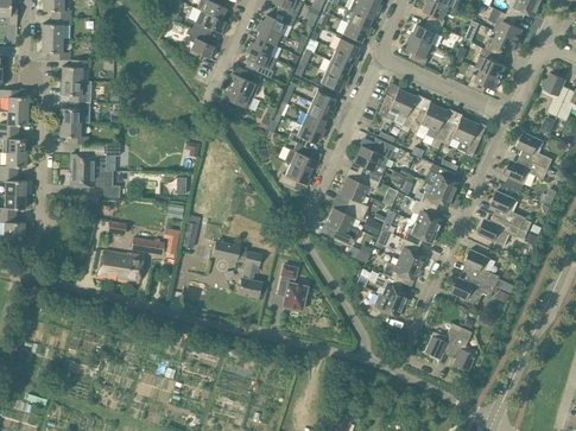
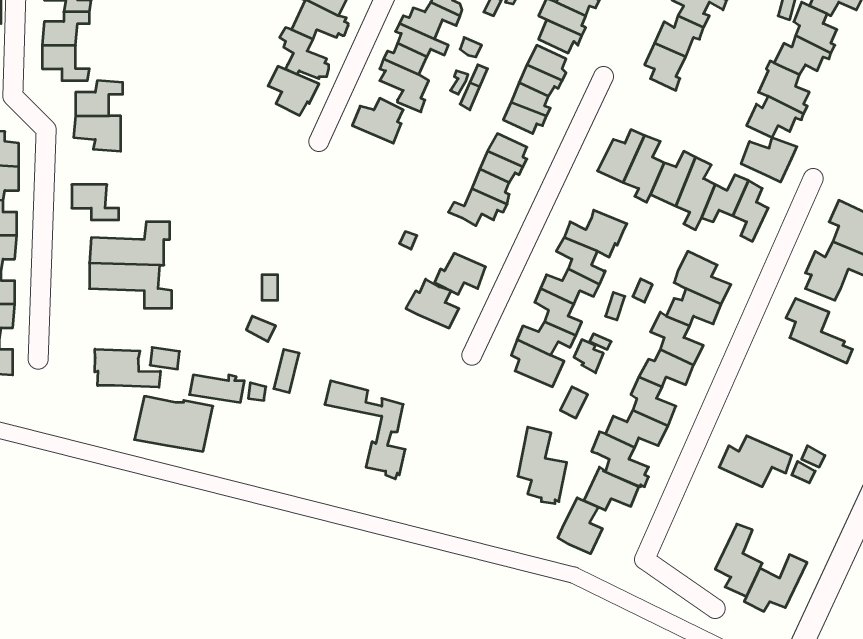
building: [223,87,254,116] -> [268,66,319,115]
building: none -> [741,137,797,182]
building: [59,101,89,122] -> none
building: [284,142,316,172] -> [406,279,459,328]
building: [479,215,528,246] -> none
building: none -> [95,349,160,387]
building: [466,249,500,286] -> none
building: [277,265,306,311] -> [518,427,567,504]
building: none -> [558,498,602,554]
building: [424,323,462,357] -> [744,555,807,611]

